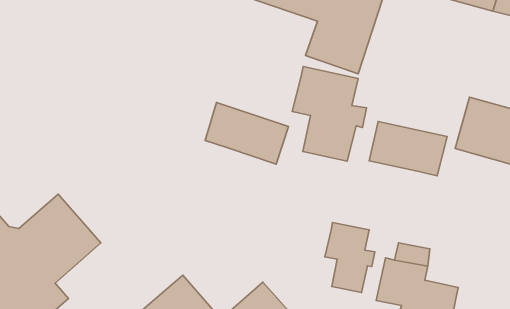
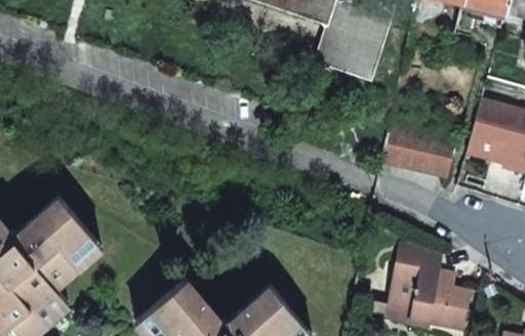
building: [292,66,367,161] -> none
building: [205,103,288,164] -> none
building: [325,223,375,292] -> none

